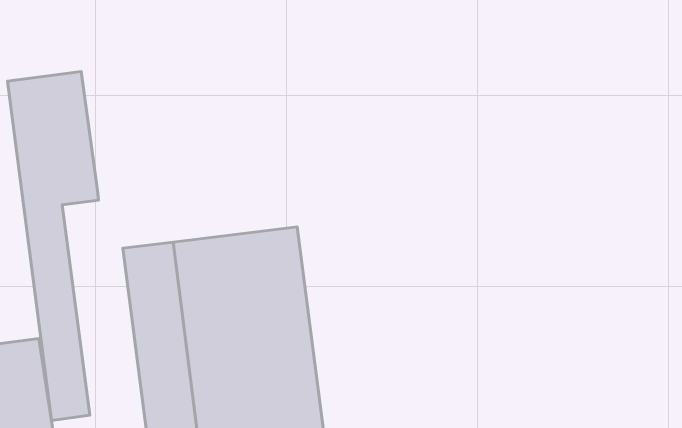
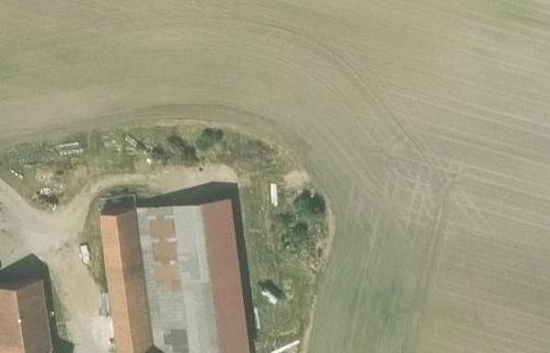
building: [8,71,99,421] -> none

